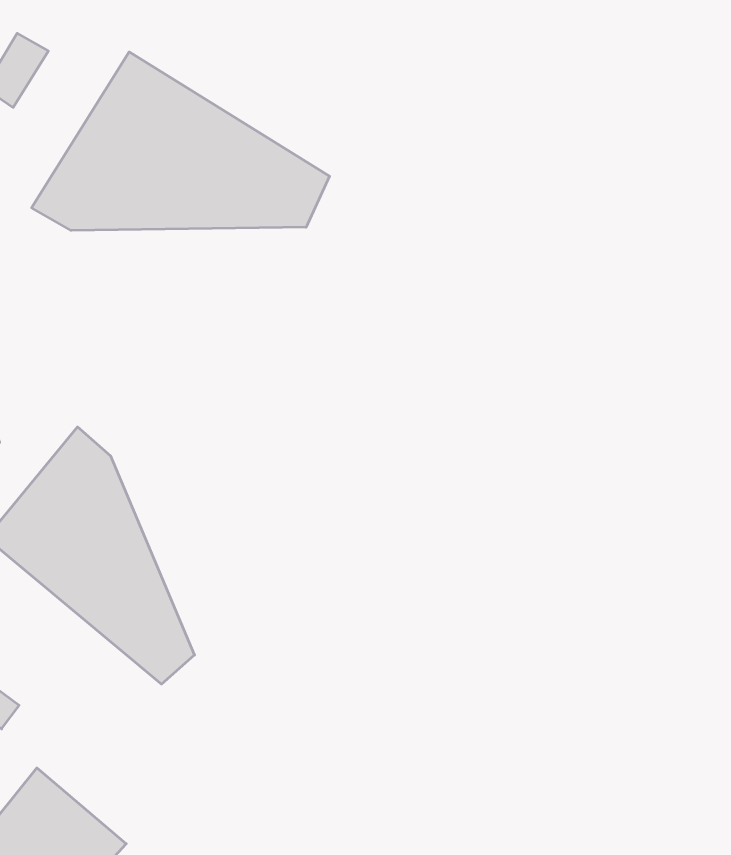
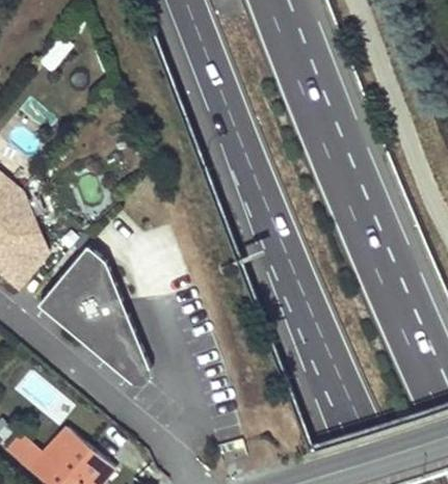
building: [32,52,330,230] -> none

